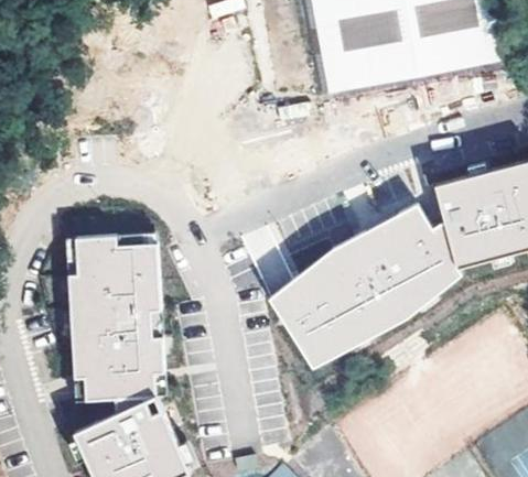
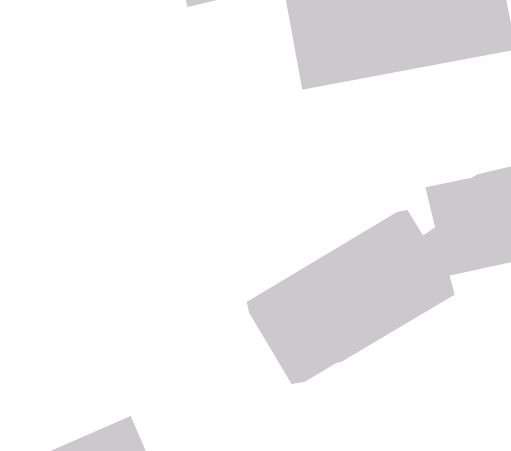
building: [66,232,166,400] -> none

